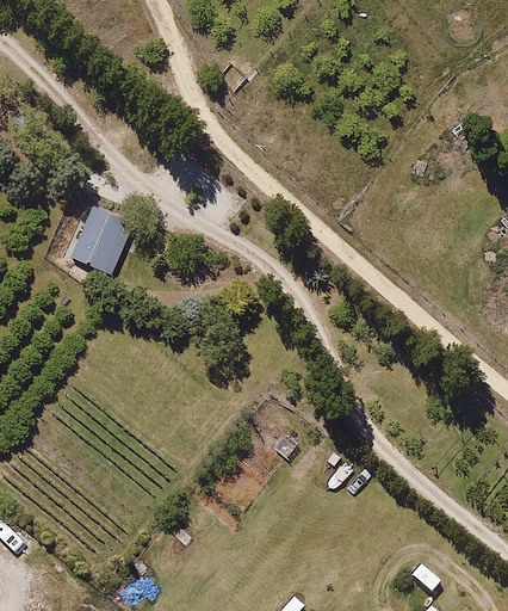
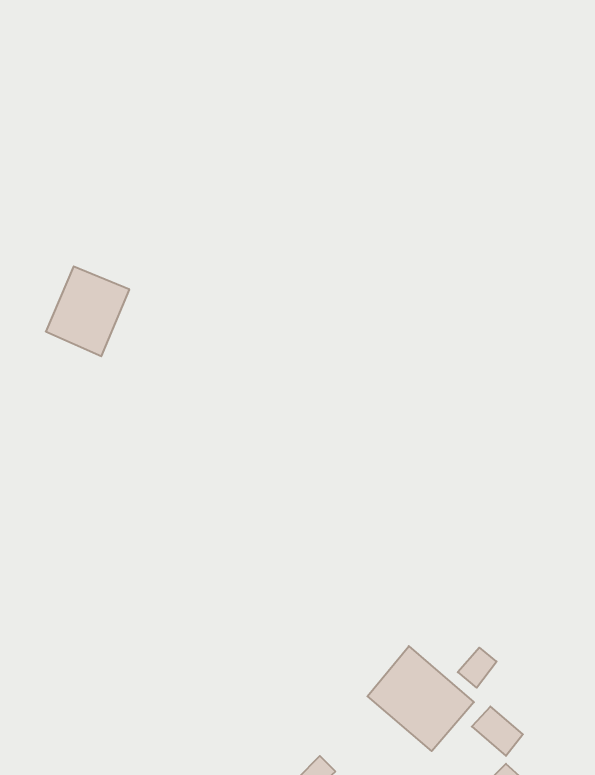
building: none -> [367,646,474,751]

